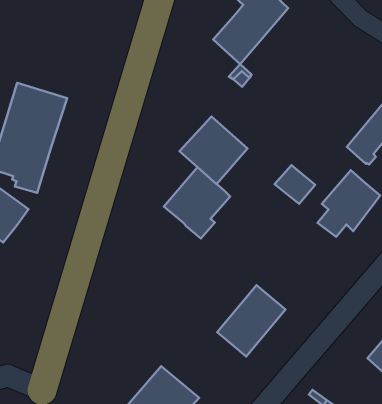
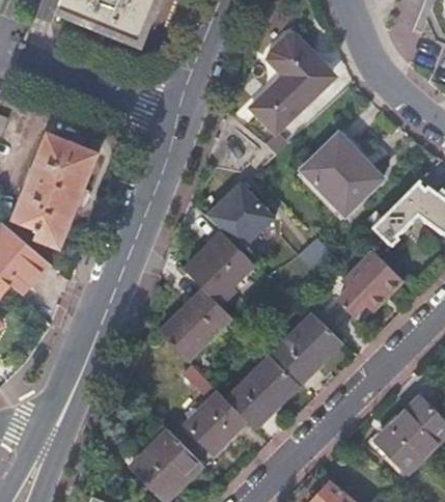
building: none -> [301,135,382,216]
building: none -> [160,271,230,361]
building: none -> [271,314,342,385]
building: none -> [183,366,246,453]

